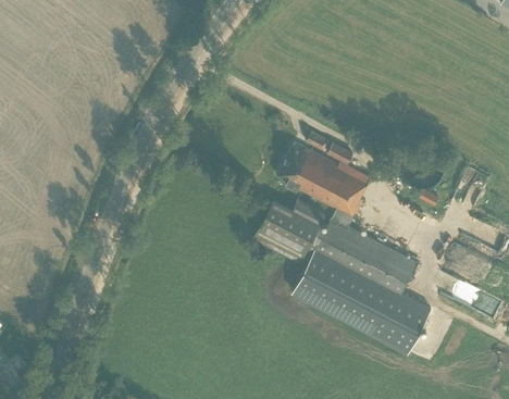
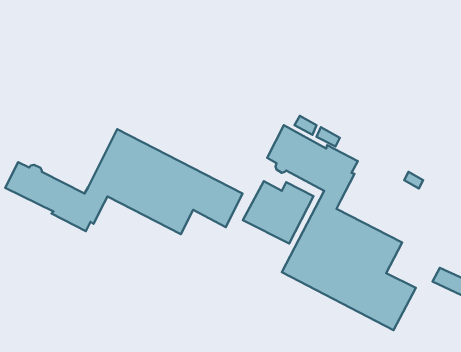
building: none -> [5,129,243,234]

